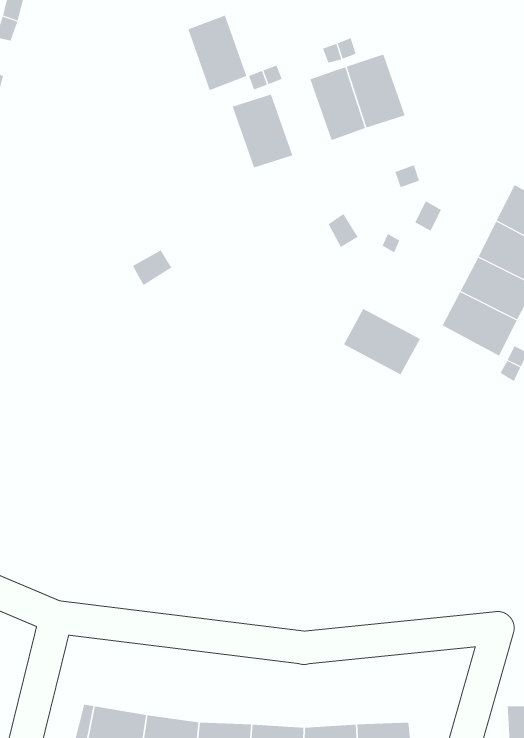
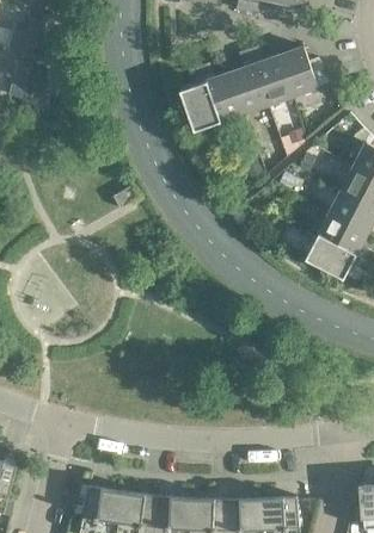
building: [188,15,247,91] -> [204,73,244,123]
building: none -> [278,47,320,97]
building: [343,308,421,375] -> [304,235,355,279]

